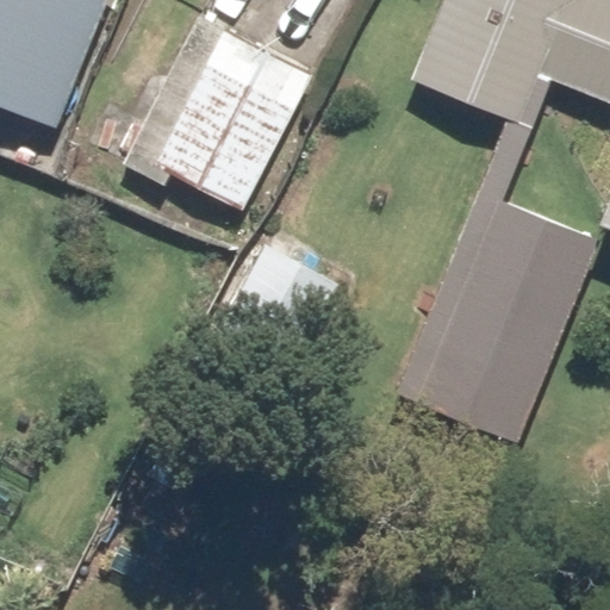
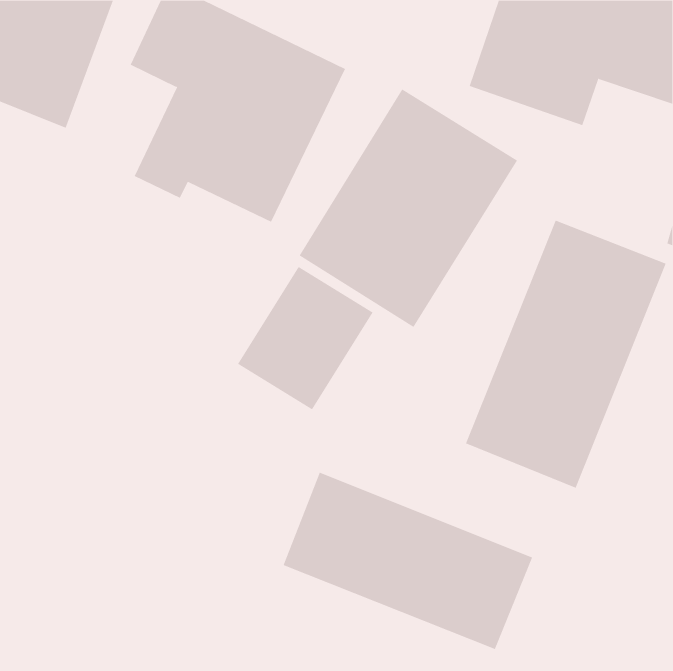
building: none -> [299,89,518,328]
building: none -> [283,472,533,650]

